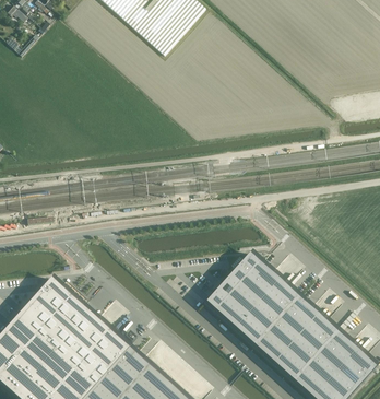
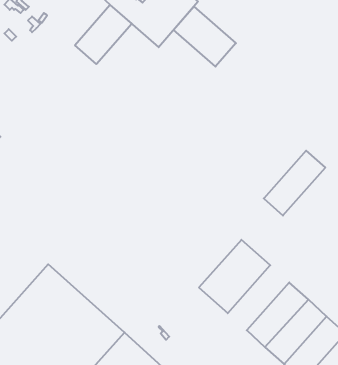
building: none -> [75,5,132,64]
building: none -> [174,7,236,67]
building: [236,279,299,345] -> [264,151,325,216]

